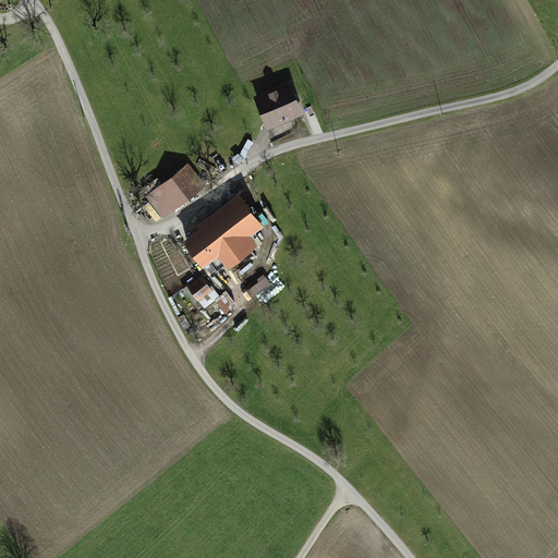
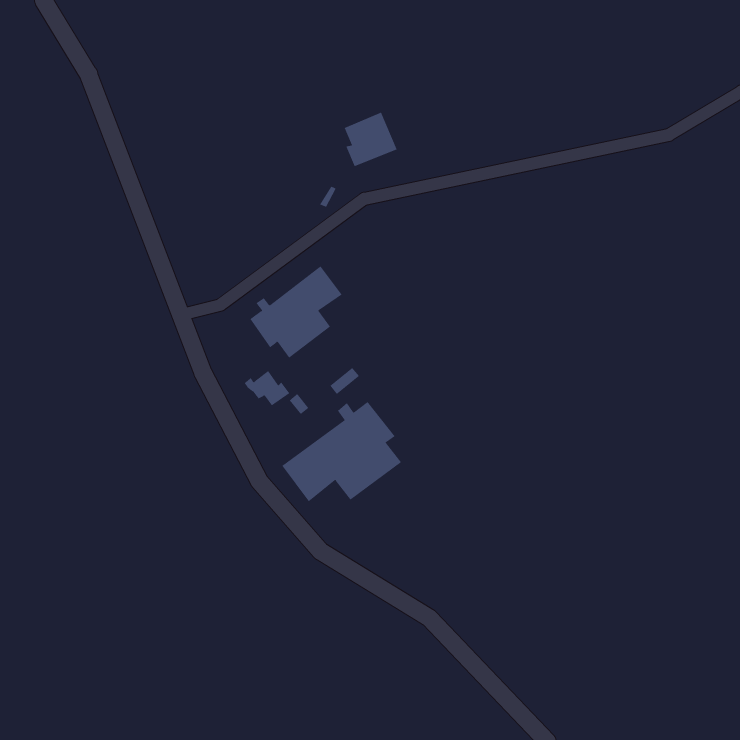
building: [149,167,204,216] -> none
building: none -> [281,401,402,502]

